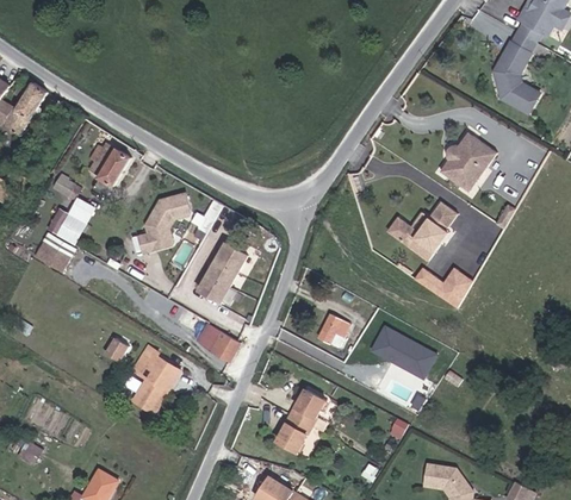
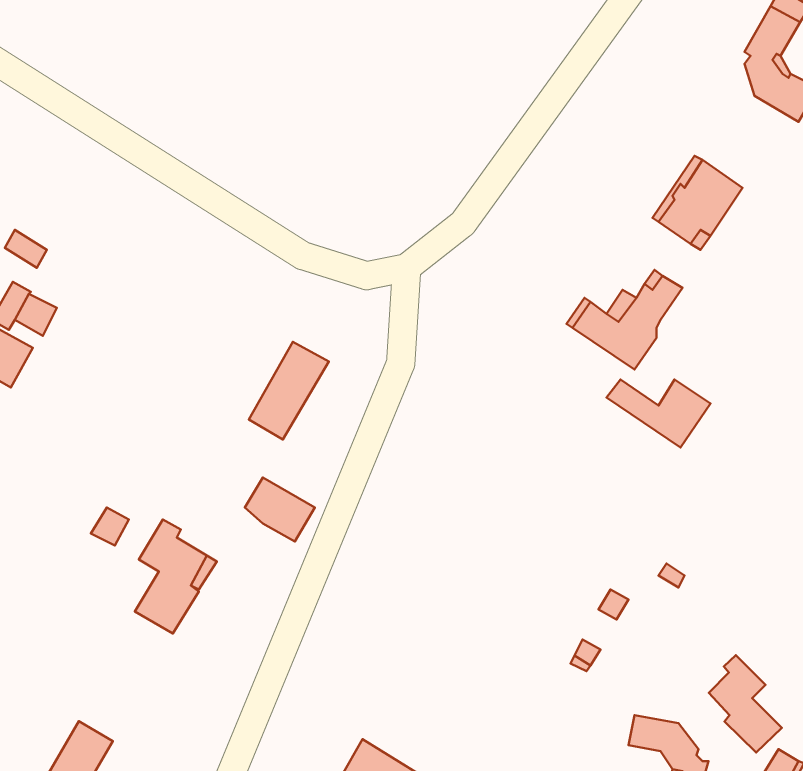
building: [87,140,131,194] -> none
building: [138,192,188,250] -> none
building: [316,313,350,348] -> none
building: [370,323,436,376] -> none
building: [275,392,325,455] -> none
building: none -> [709,655,782,753]

